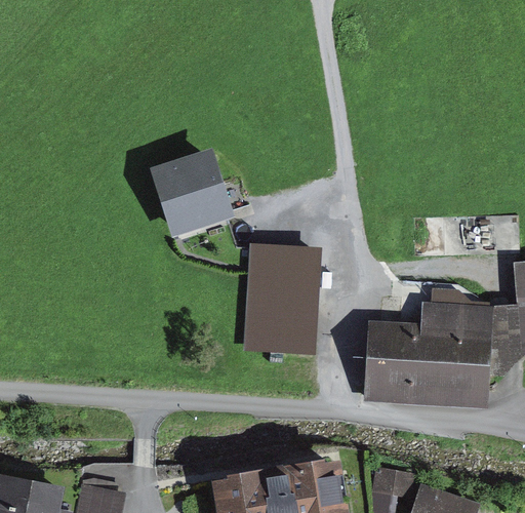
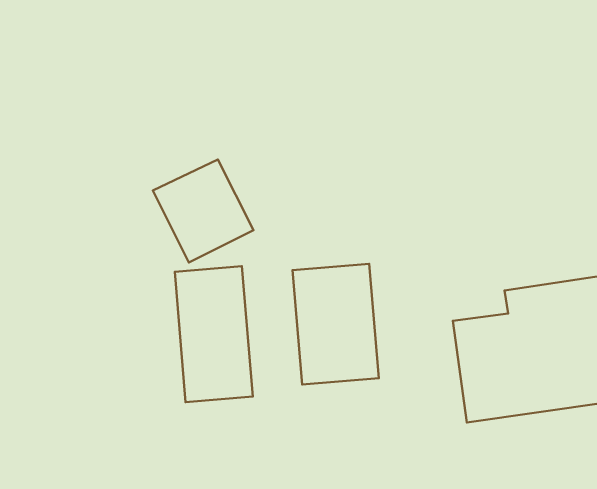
building: none -> [175,266,253,402]

